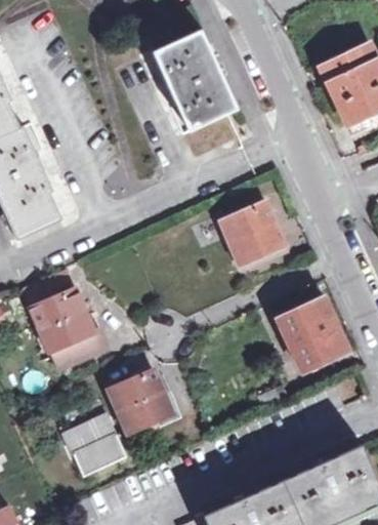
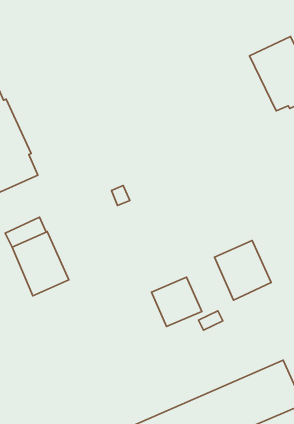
building: [154,30,239,131] -> none
building: [219,200,283,264] -> none
building: [112,369,173,430] -> [152,277,202,326]
building: [67,417,126,475] -> none

